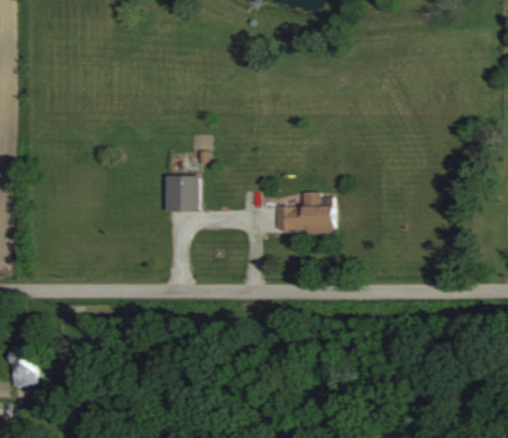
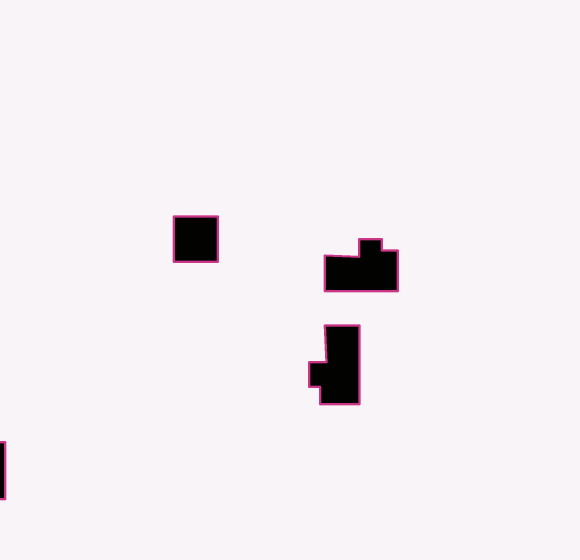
building: none -> [309,325,360,404]

